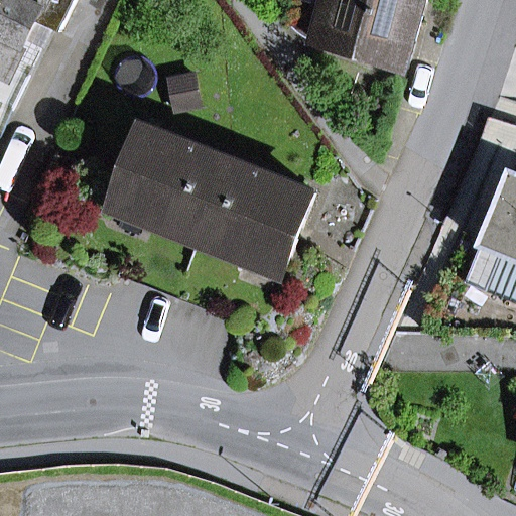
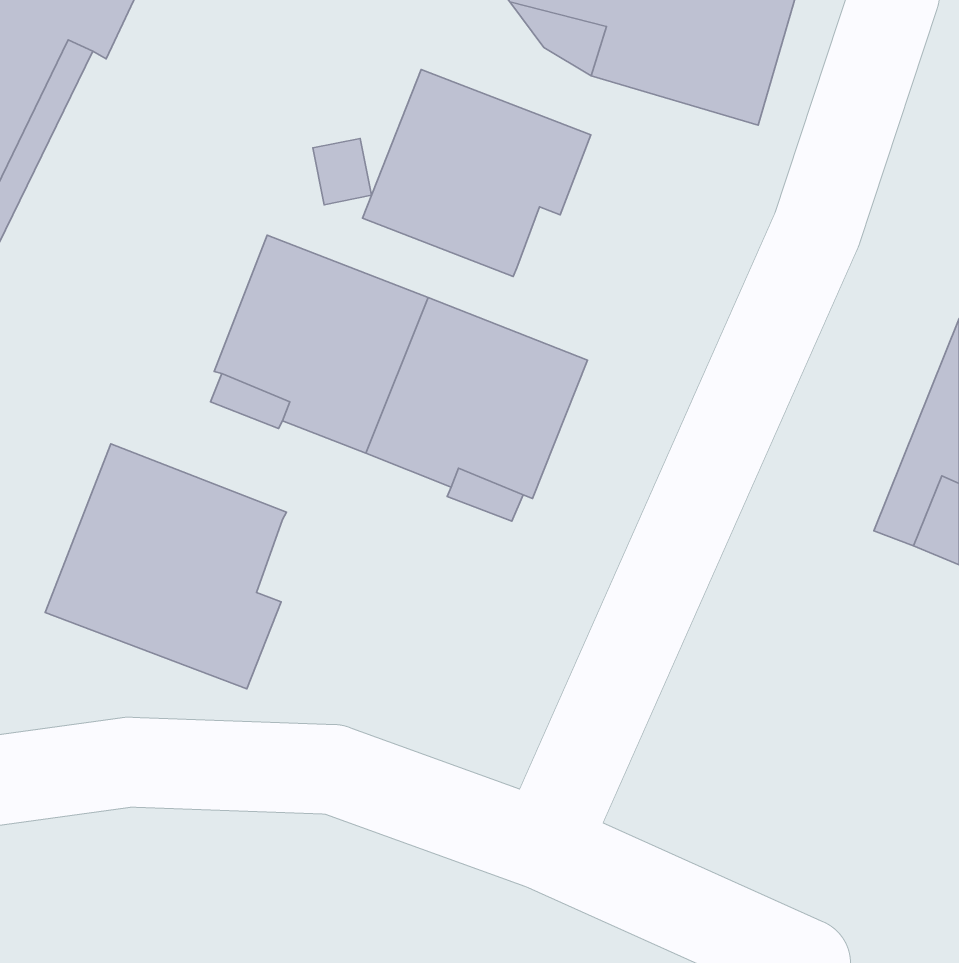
building: none -> [363,69,591,277]
building: none -> [45,444,287,689]

